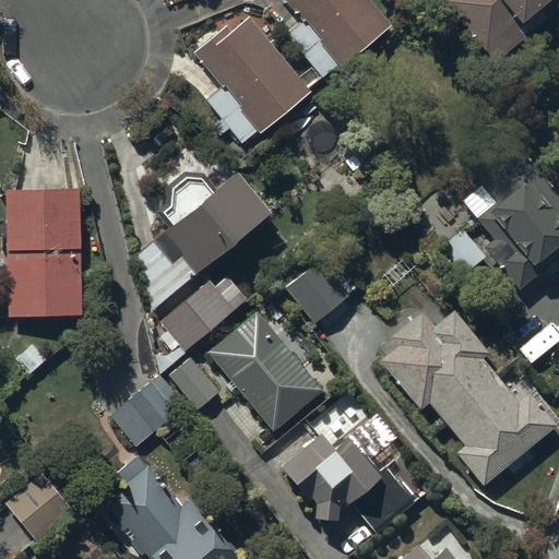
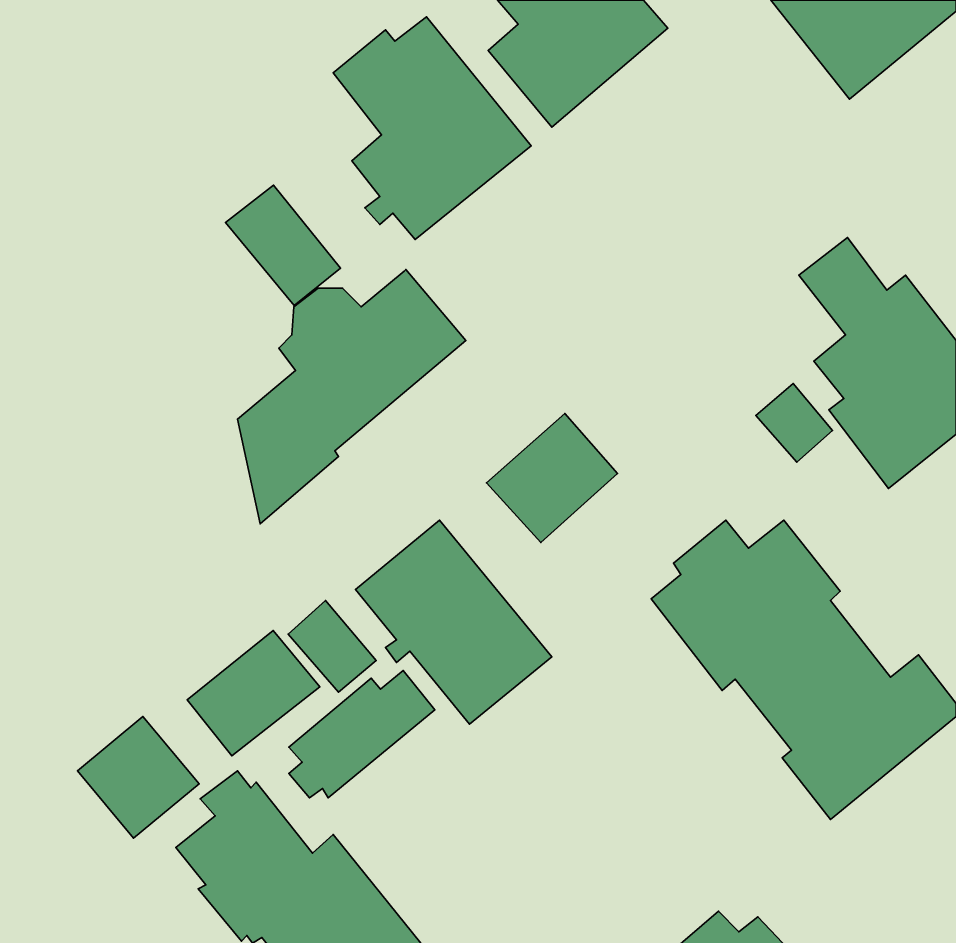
building: none -> [226,185,341,306]
building: [5,188,82,317] -> none
building: [160,278,246,353] -> [289,671,435,798]
building: [283,430,414,535] -> none
building: [4,473,75,544] -> [78,716,199,838]

